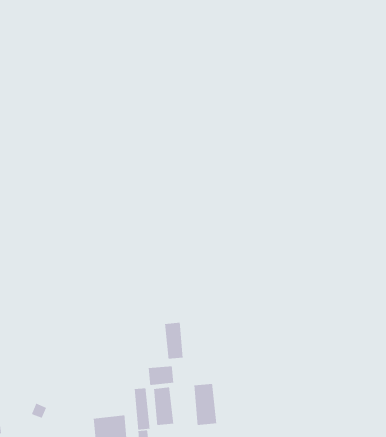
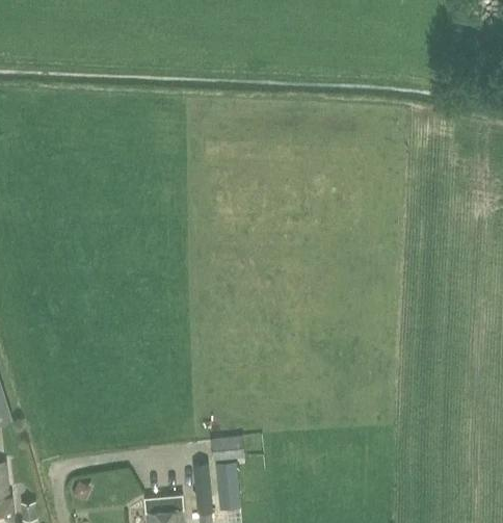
building: [164,322,183,359] -> none
building: [193,383,217,426] -> none

